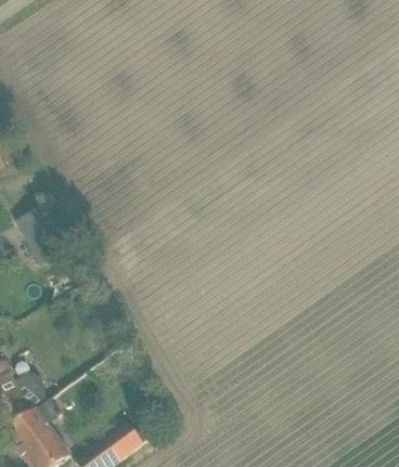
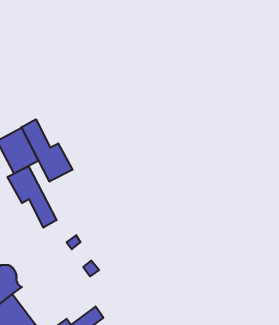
building: none -> [21,119,73,182]
building: none -> [8,166,57,228]

